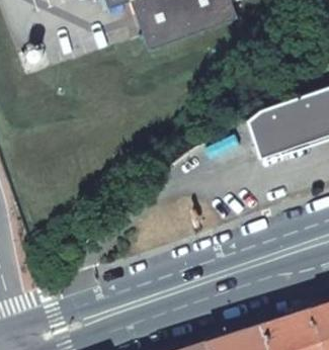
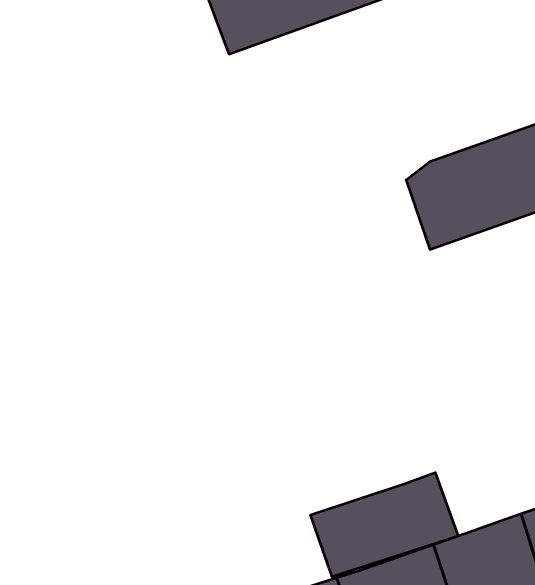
building: none -> [311,473,458,577]

